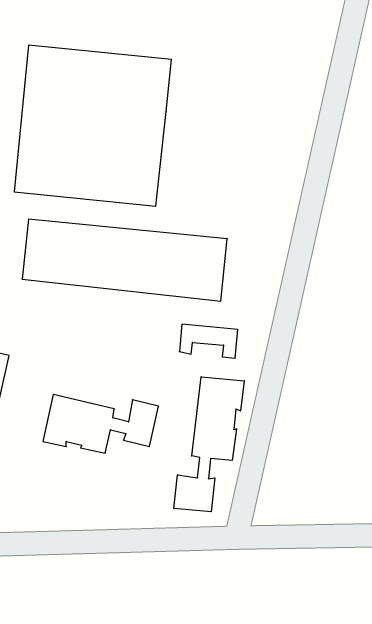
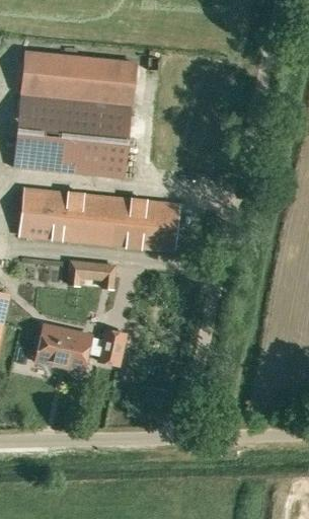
building: [179,324,238,358] -> [70,262,115,288]
building: [174,377,244,512] -> none

